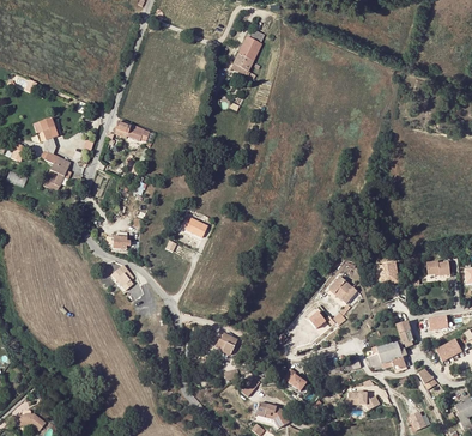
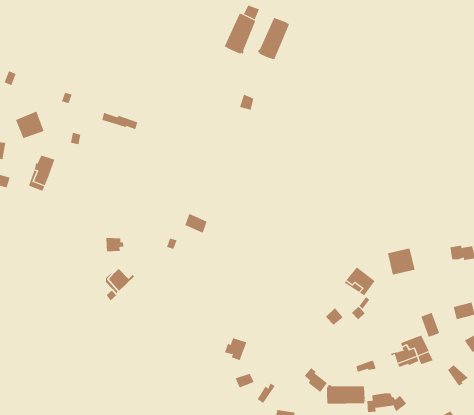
building: none -> [257,17,290,60]
building: none -> [326,384,365,405]

